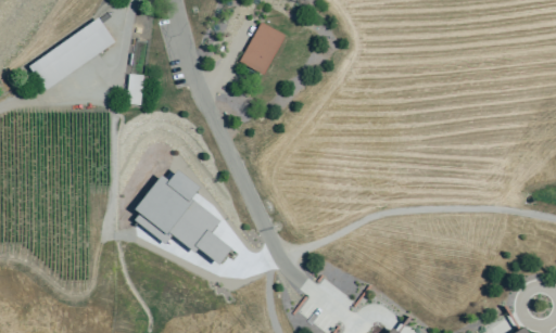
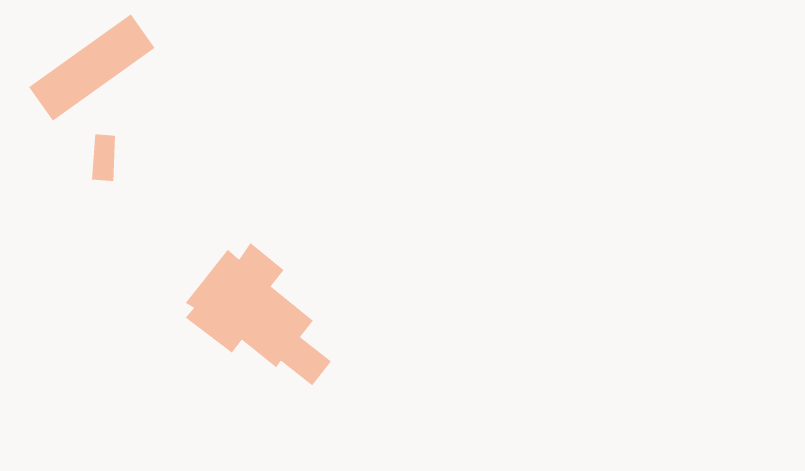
building: [240,22,286,75] -> none
building: [128,74,144,105] -> [91,134,116,181]

